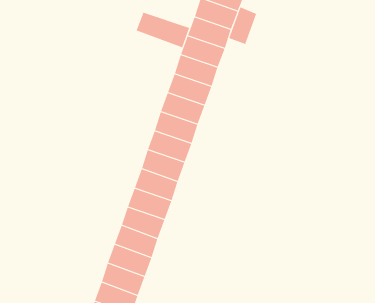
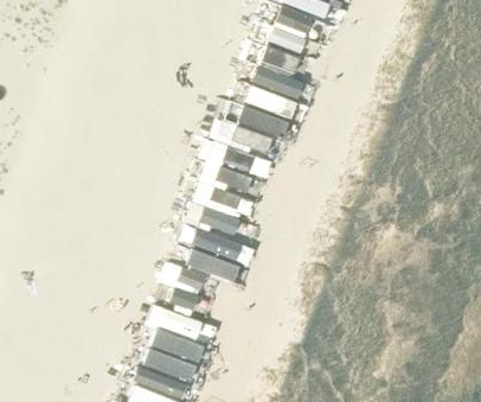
building: [228,6,257,45] -> none
building: [136,12,190,48] -> none

